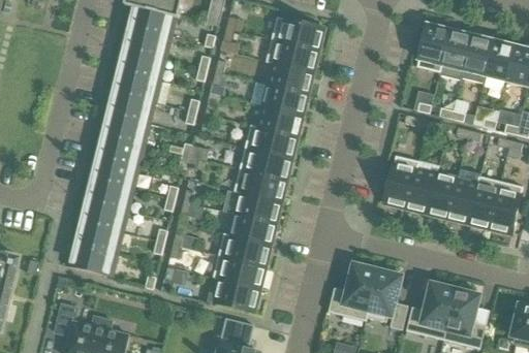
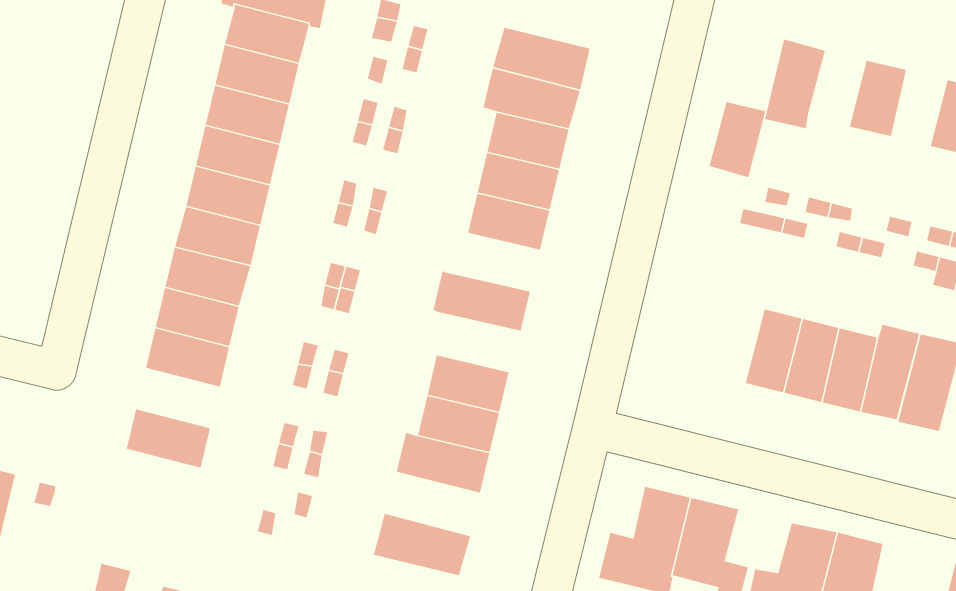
building: [440,29,471,70] -> [708,101,766,178]
building: [485,39,515,81] -> none
building: [246,125,297,158] -> none
building: [383,155,417,207] -> none
building: [236,169,286,201] -> none
building: [80,199,125,231] -> none
building: [68,243,115,276] -> none
building: [213,255,264,289] -> none

